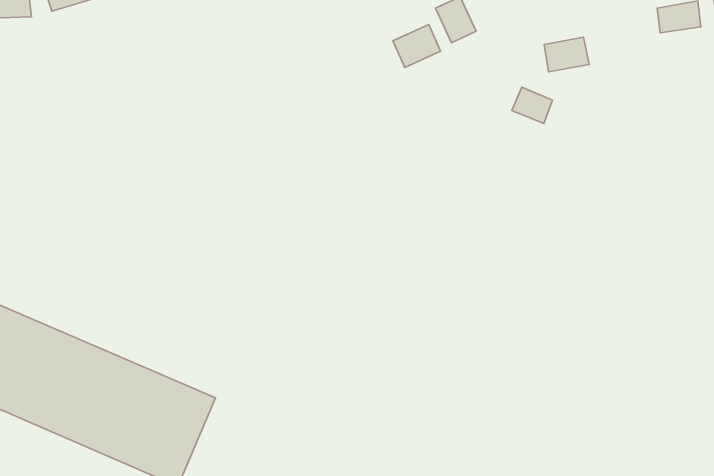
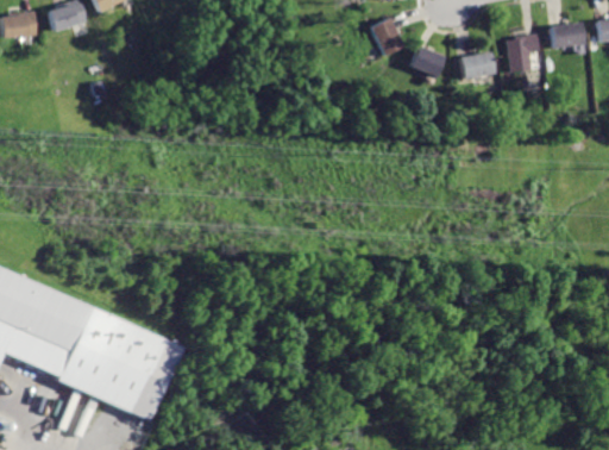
building: none -> [507,35,538,73]
building: [393,25,441,68] -> none
building: [512,87,552,123] -> [409,46,442,76]

